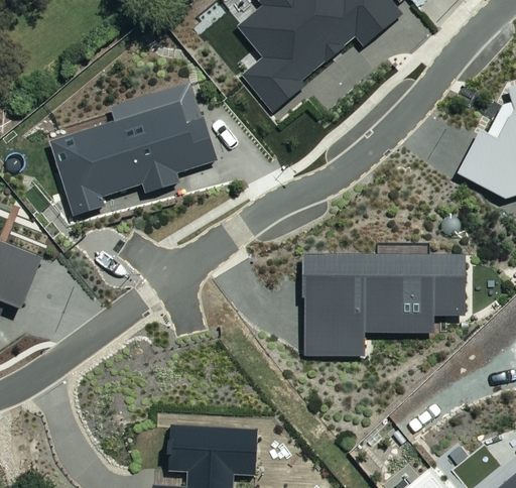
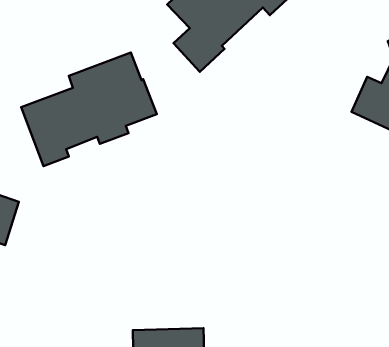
building: [302,253,464,355] -> none

